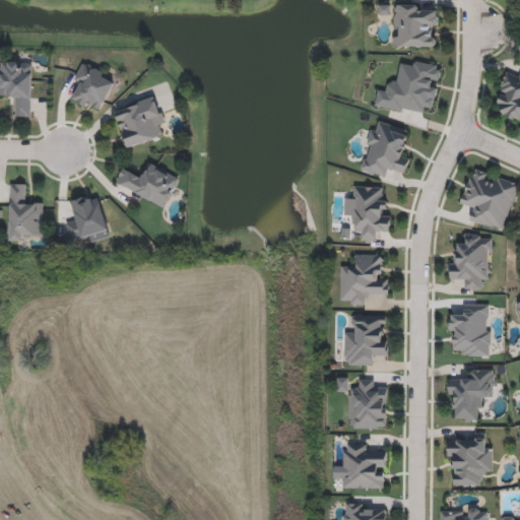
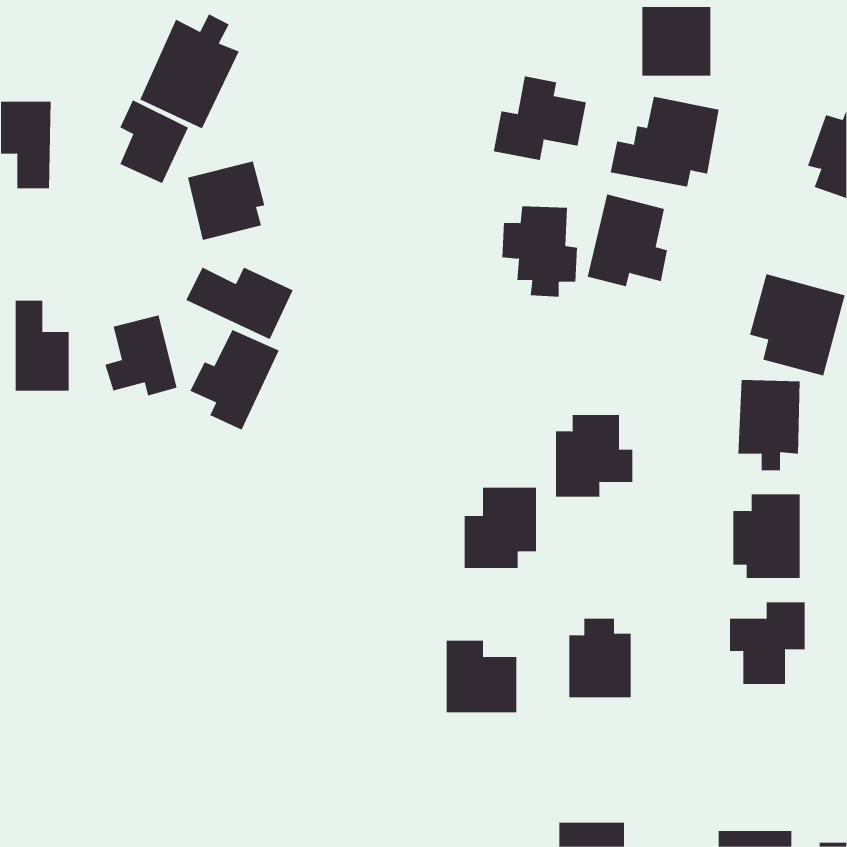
building: none -> [139,14,239,129]
building: none -> [493,76,586,161]
building: [343,185,390,241] -> [502,206,578,297]
building: none -> [190,329,279,430]
building: [343,315,388,365] -> [464,487,537,568]
building: [449,433,492,485] -> none
building: [342,443,386,488] -> [446,640,517,713]

